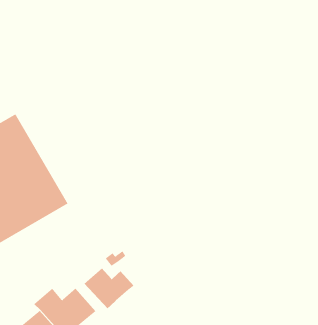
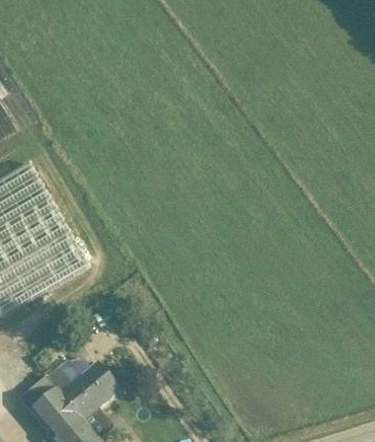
building: [84,268,134,309] -> none

